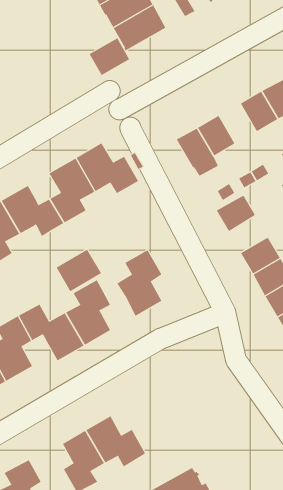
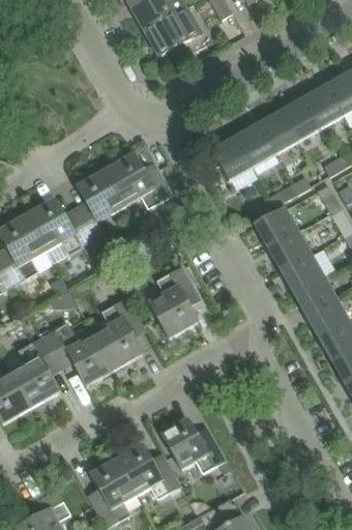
building: [89,38,130,76] -> none
building: none -> [257,111,297,153]
building: none -> [267,230,310,270]
building: [56,249,102,292] -> none
building: none -> [160,417,225,472]

